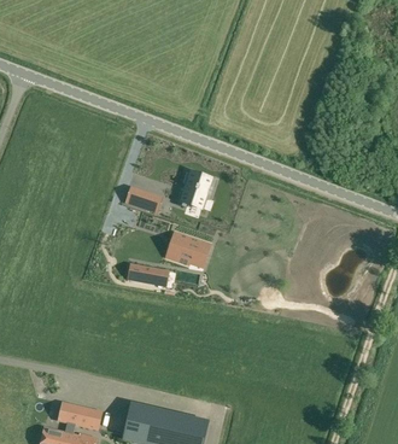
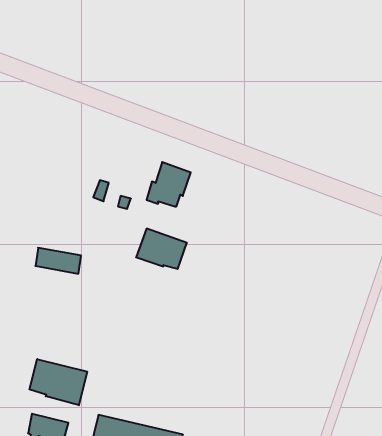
building: [128,263,170,287] -> [35,248,81,274]
building: none -> [29,359,87,405]

